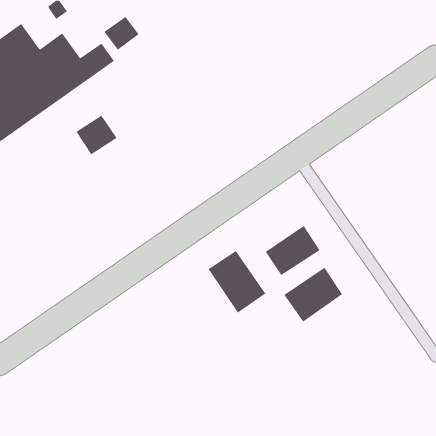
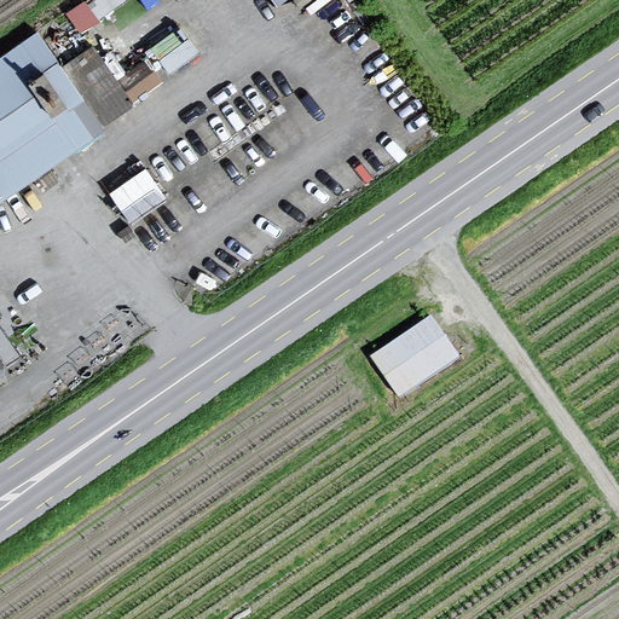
building: [208,250,266,313] -> none
building: [284,267,343,323] -> none

